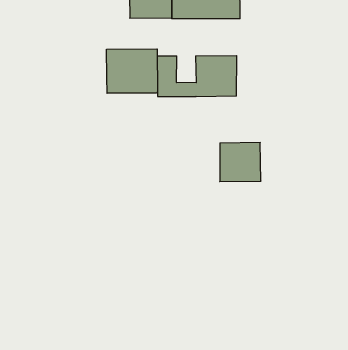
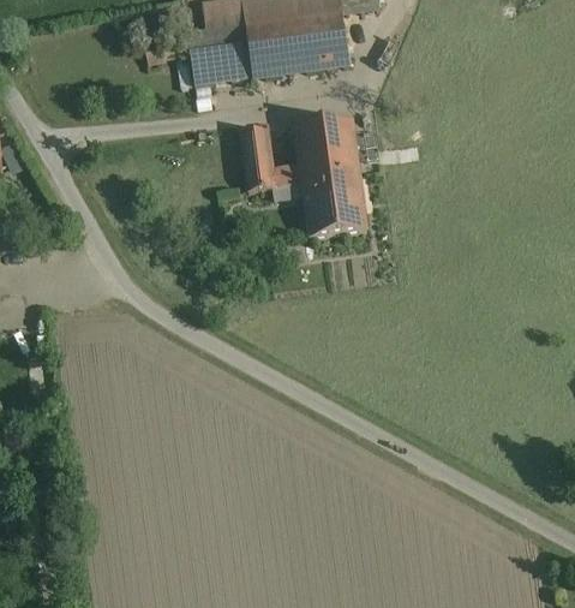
building: [107,49,157,93] -> none
building: [220,143,261,182] -> [300,171,365,233]

